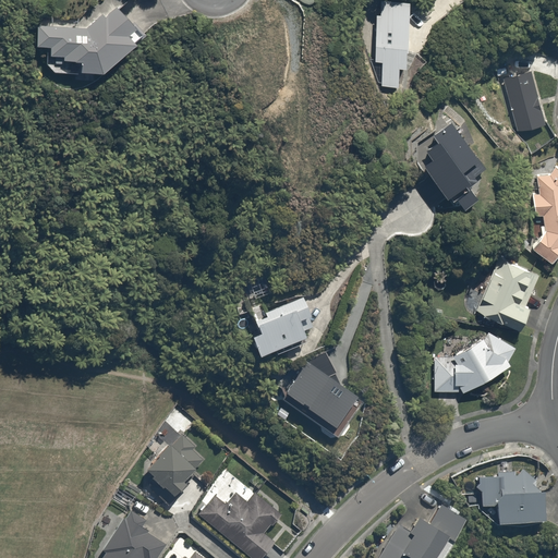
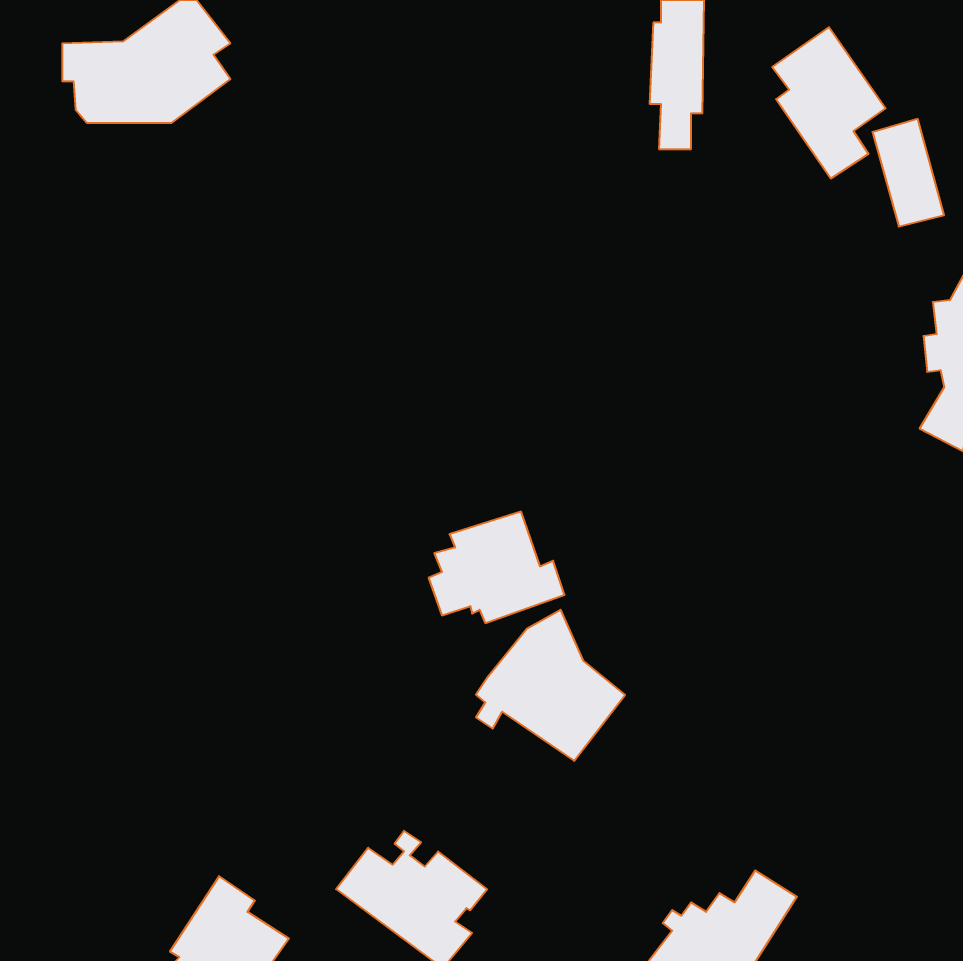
building: [424,126,489,214] -> [772,27,886,178]
building: [476,257,538,329] -> none
building: [434,331,517,393] -> none
building: [140,432,205,499] -> none
building: [476,471,542,525] -> none

